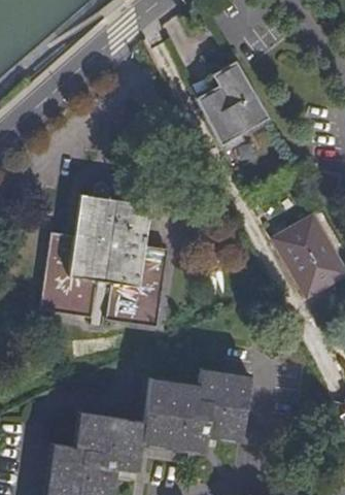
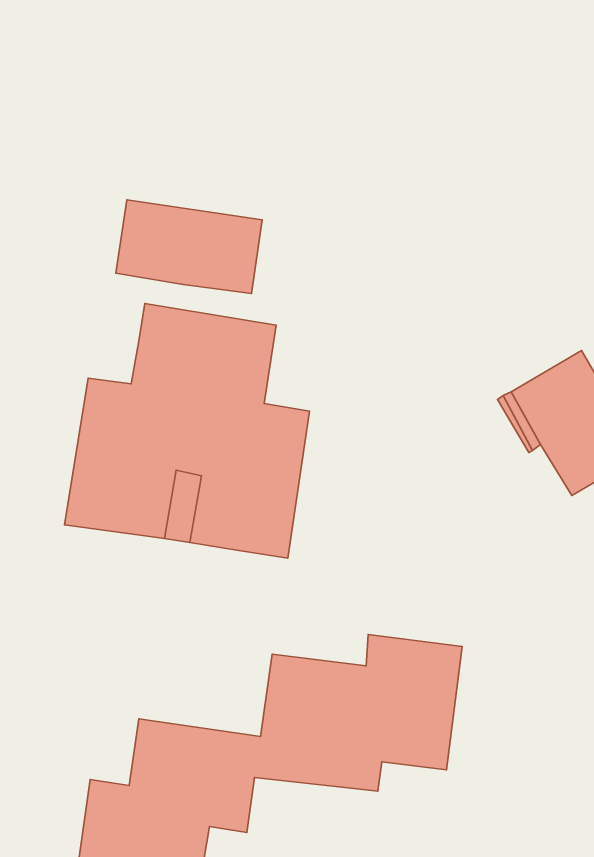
building: [192,63,270,154] -> none
building: none -> [116,200,262,294]

